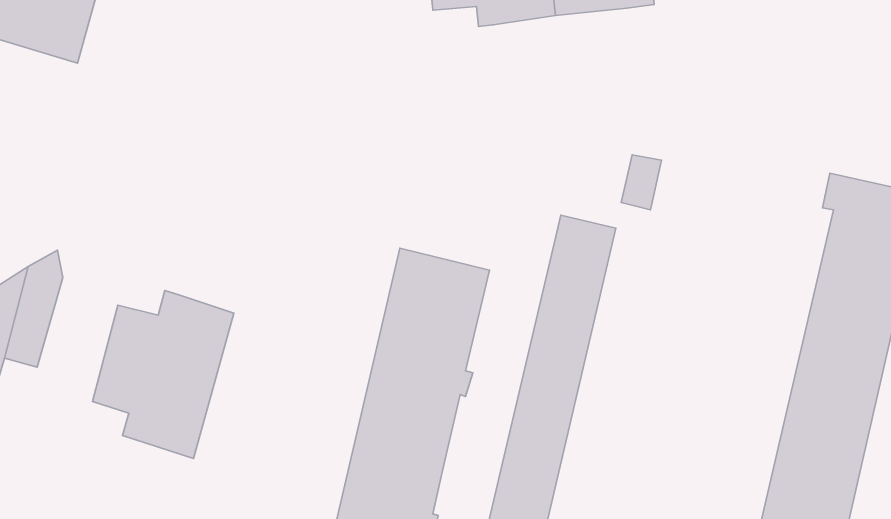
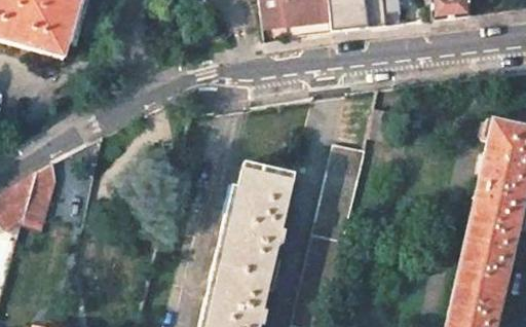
building: [92,290,234,459] -> none

